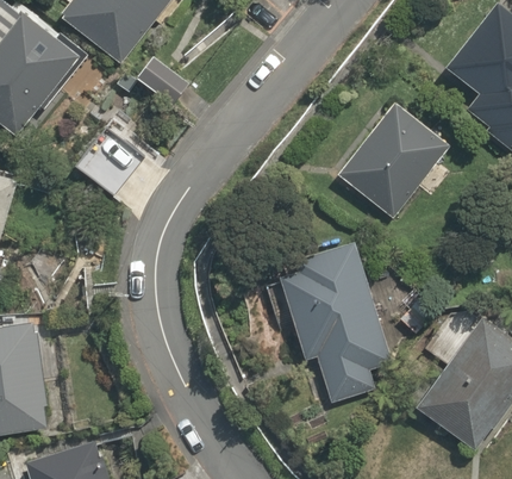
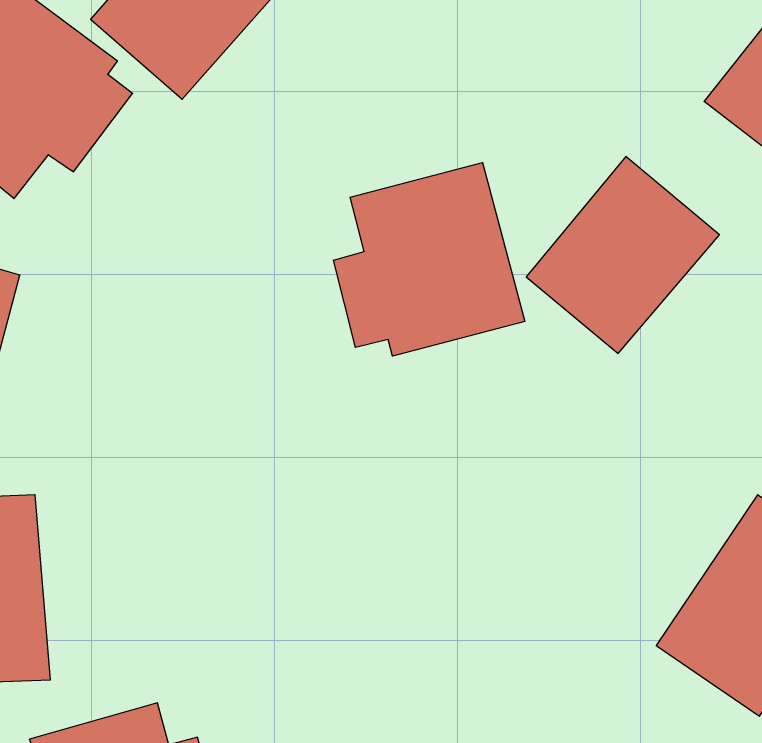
building: none -> [333,163,525,356]
building: [277,240,386,406] -> none

